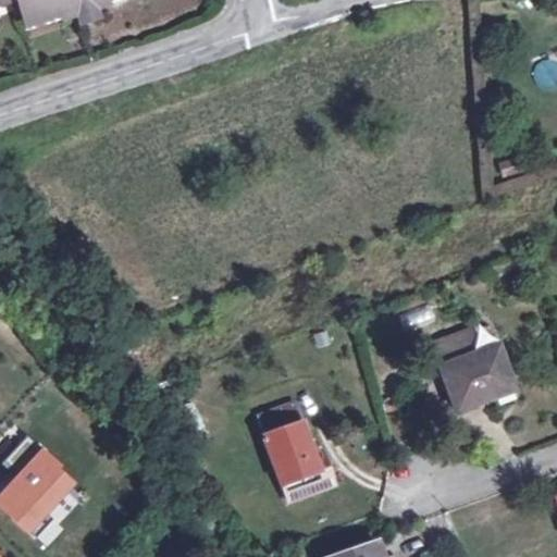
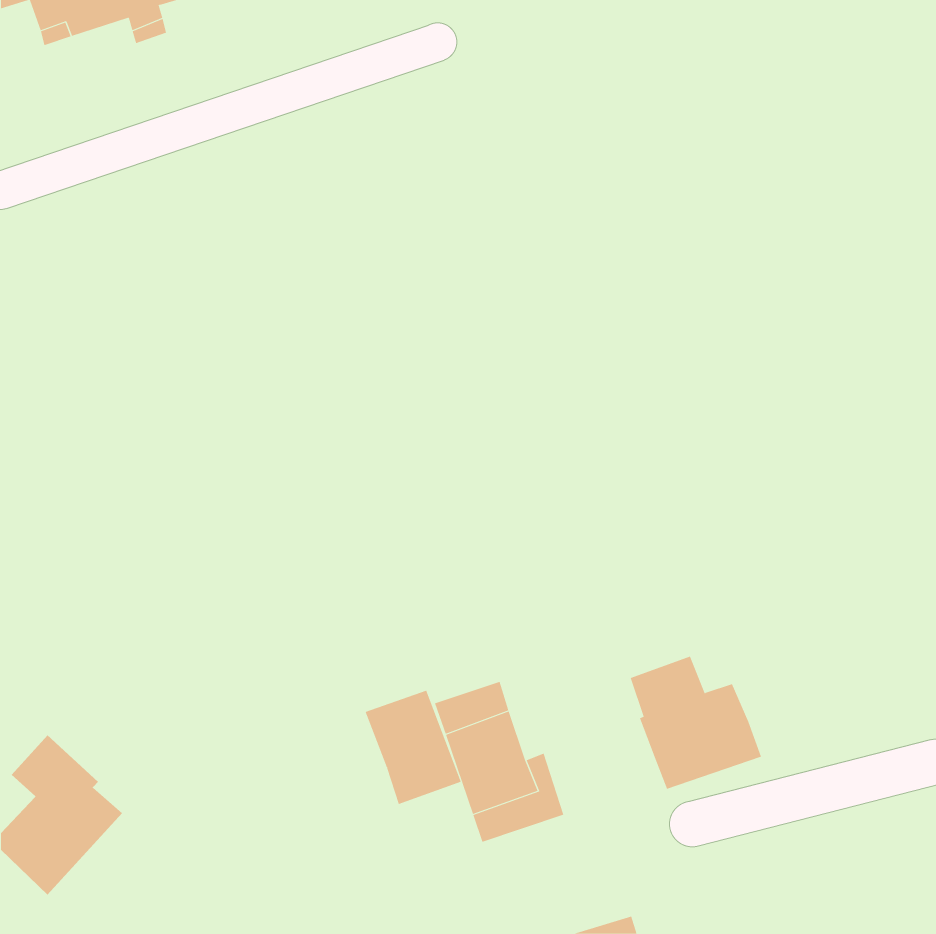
building: [436,330,515,409] -> [630,656,762,790]
building: none -> [365,690,461,805]

